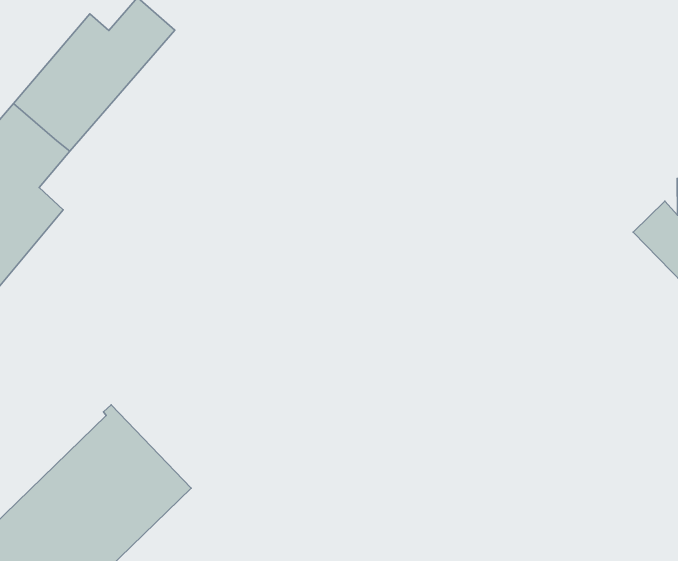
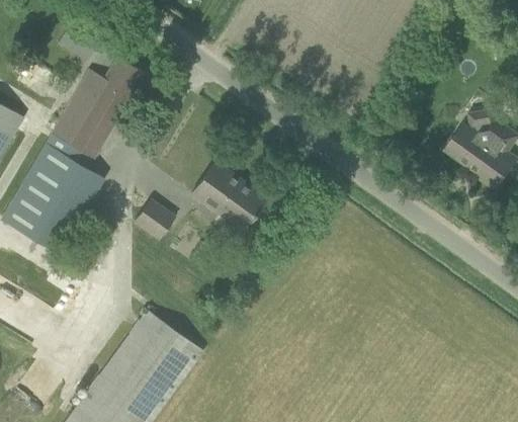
building: none -> [190,161,266,231]
building: none -> [134,199,174,239]

